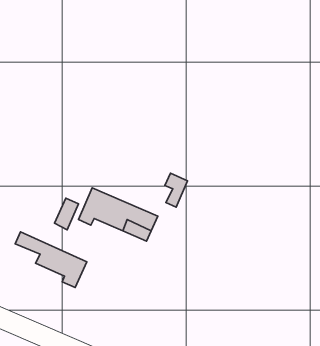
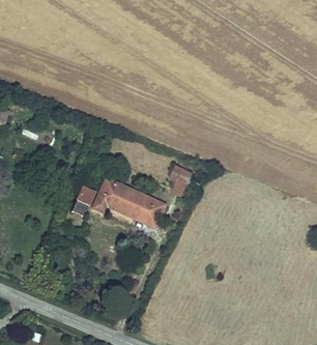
building: [15,232,87,287] -> none

